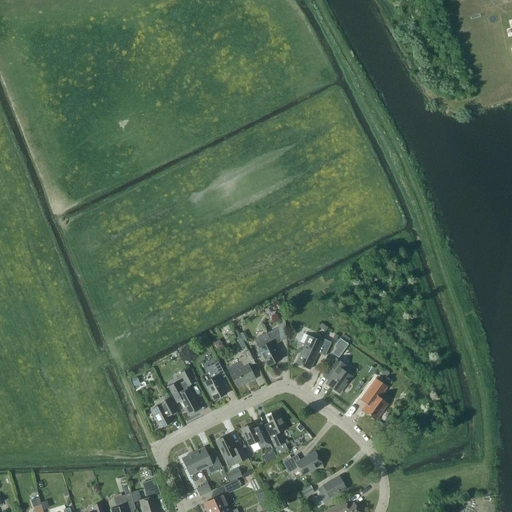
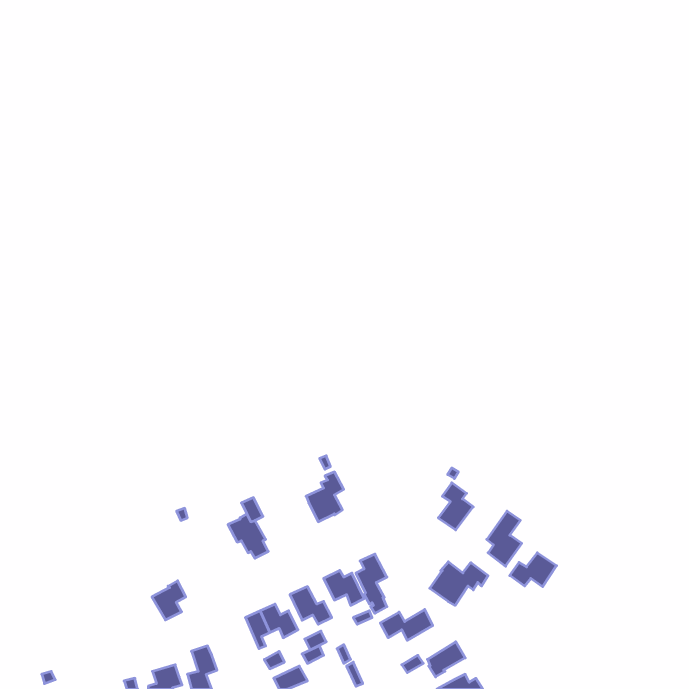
building: [253,327,280,366] -> none
building: [296,334,331,369] -> none
building: [204,361,226,400] -> none
building: [150,398,175,427] -> [152,581,186,620]
building: none -> [510,553,557,587]
building: none -> [430,562,488,605]

